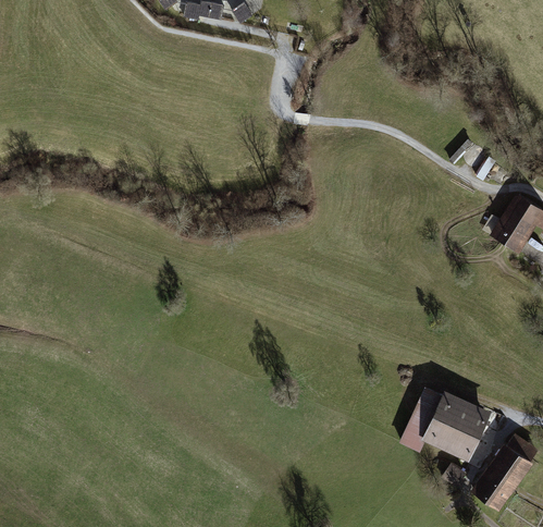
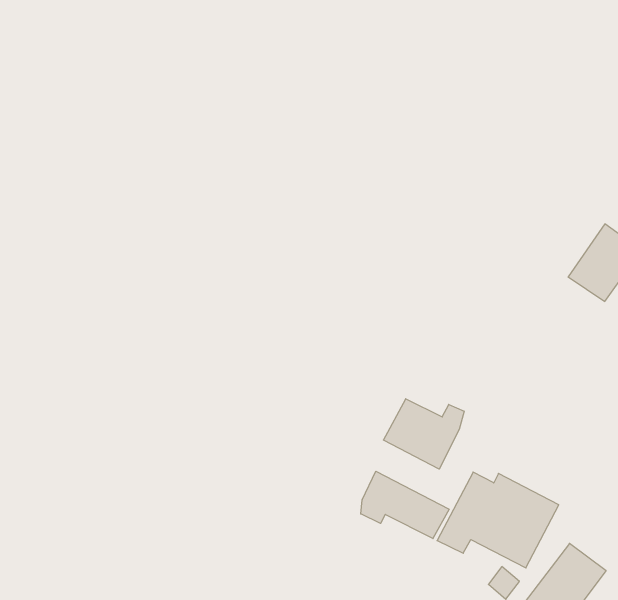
building: none -> [383,399,464,469]
building: none -> [361,471,449,539]

